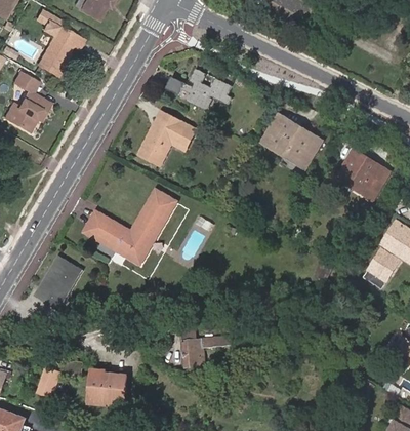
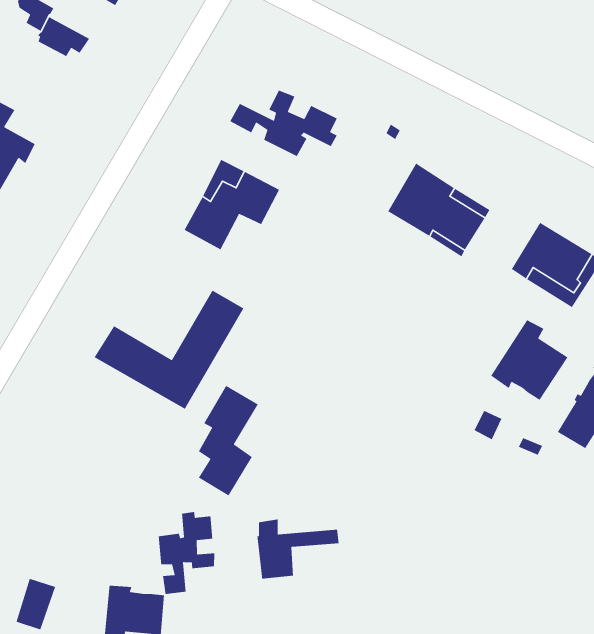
building: [36,41,67,75] -> none
building: none -> [490,319,569,401]
building: none -> [198,385,259,497]
building: [33,256,82,311] -> none
building: none -> [158,511,215,595]

